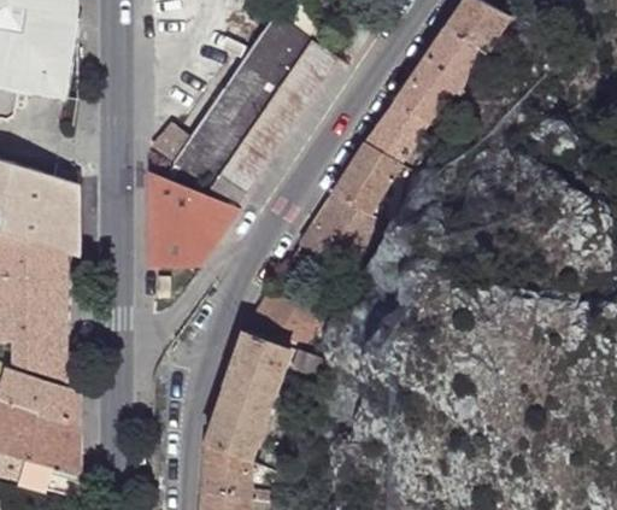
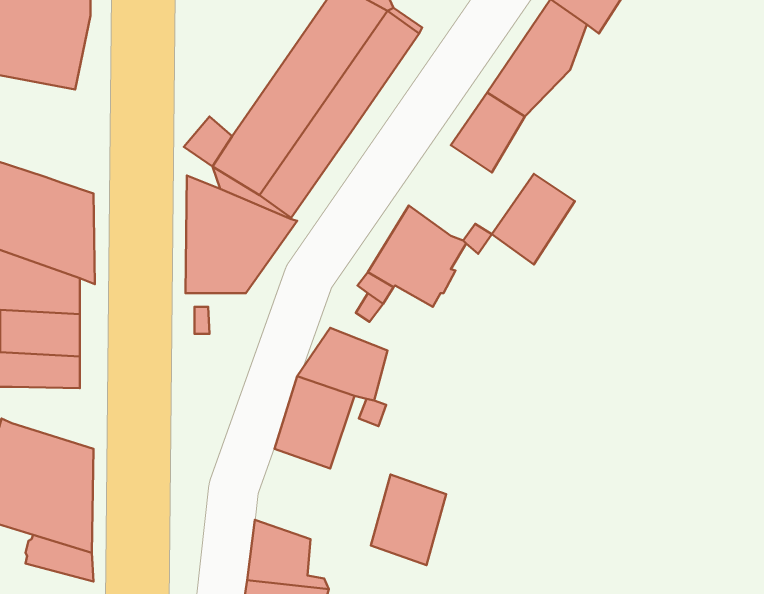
building: [330,145,396,217] -> [492,174,575,264]
building: [13,338,67,377] -> none
building: [207,387,268,459] -> [371,474,446,565]

